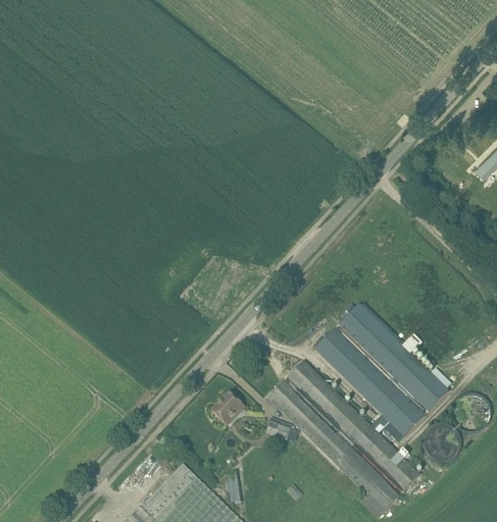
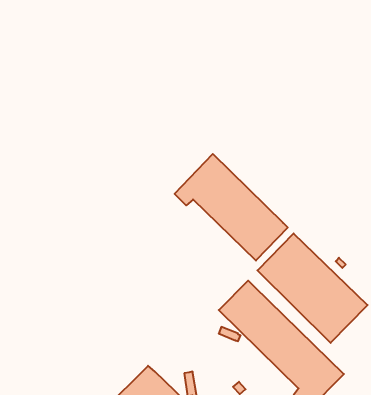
building: none -> [175,154,288,261]
building: [212,393,244,425] -> none

